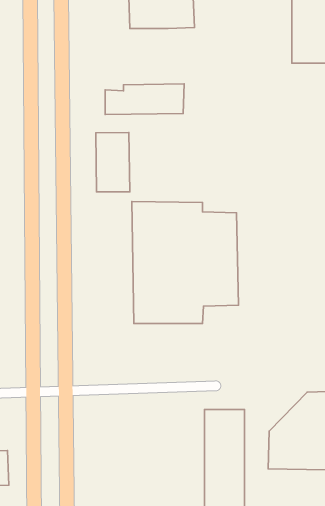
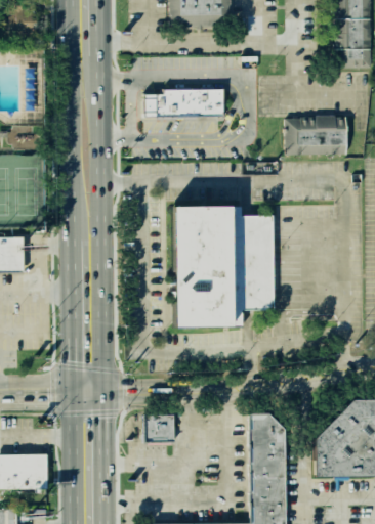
building: none -> [283,115,342,155]
building: [96,133,130,192] -> none
building: none -> [138,413,172,440]

